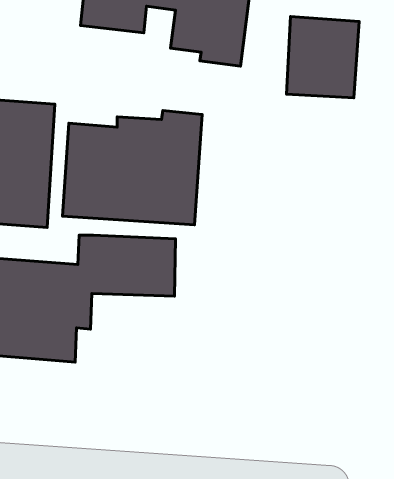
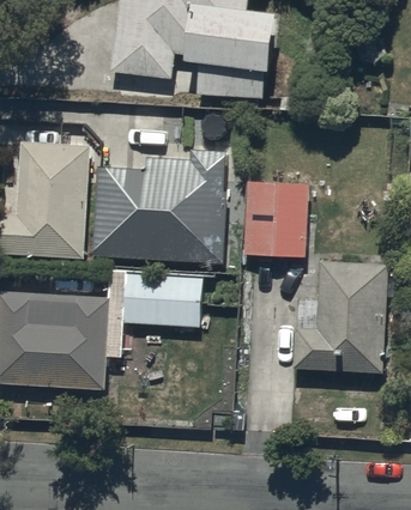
building: [287,16,359,98] -> [242,182,310,259]
building: none -> [292,259,389,374]

